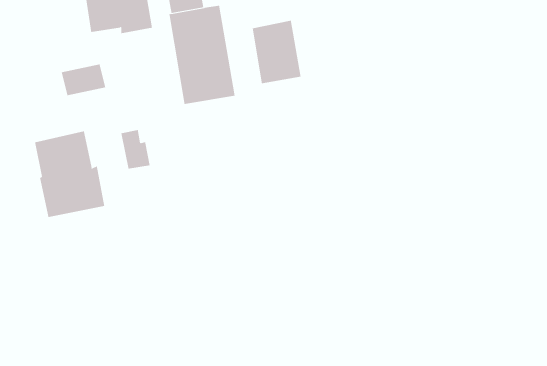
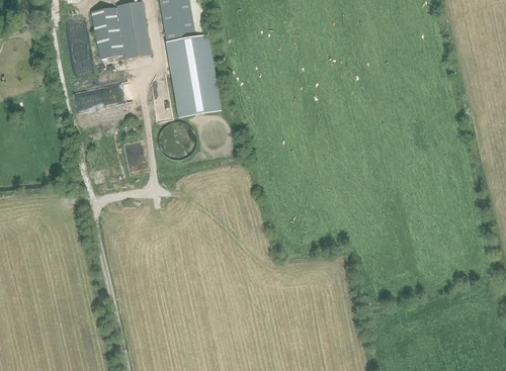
building: [252,20,301,84] -> none
building: [34,130,105,218] -> none

